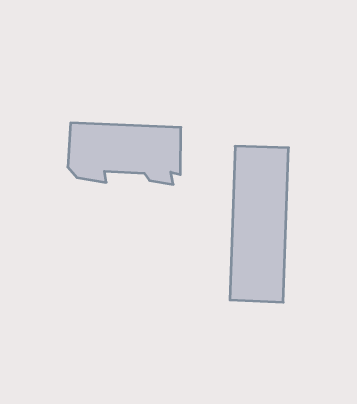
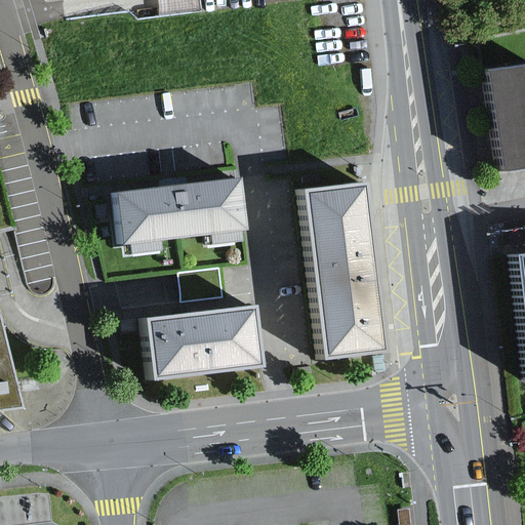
building: none -> [140,306,258,381]

